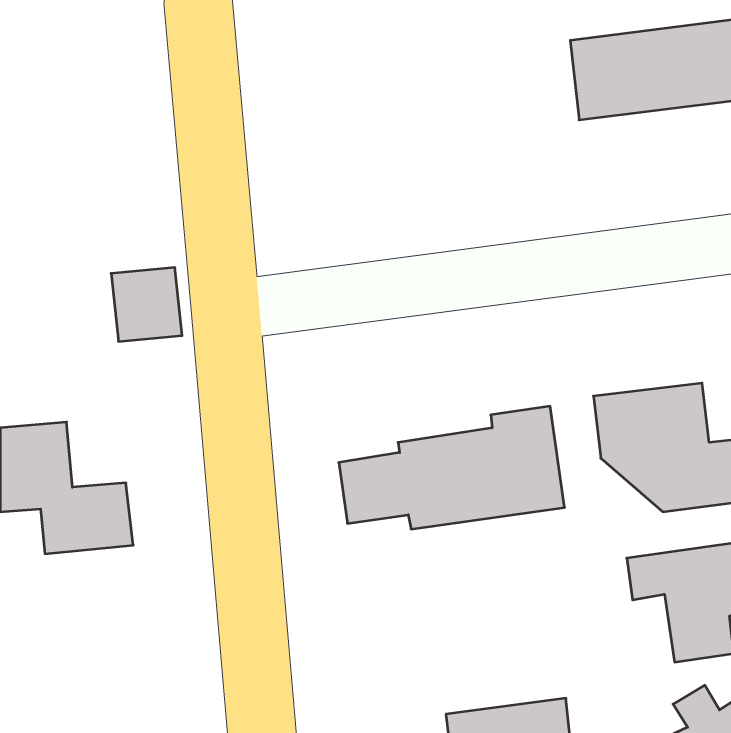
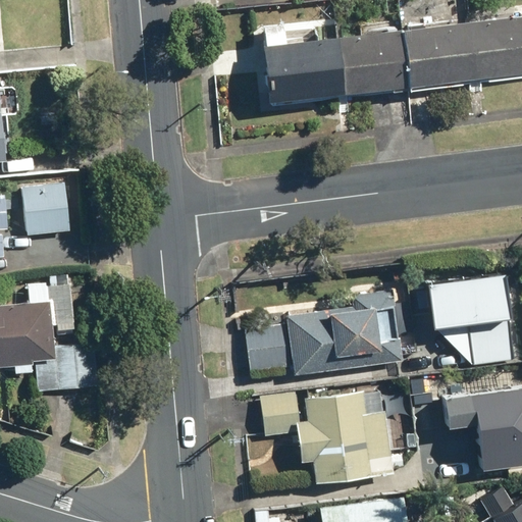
building: none -> [265,32,410,104]
building: [111,268,182,341] -> [21,184,71,236]
building: none -> [259,392,395,484]

